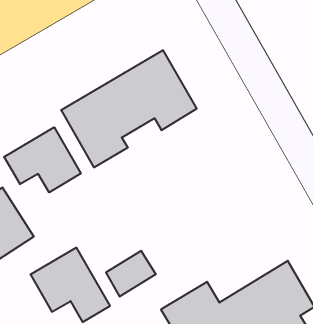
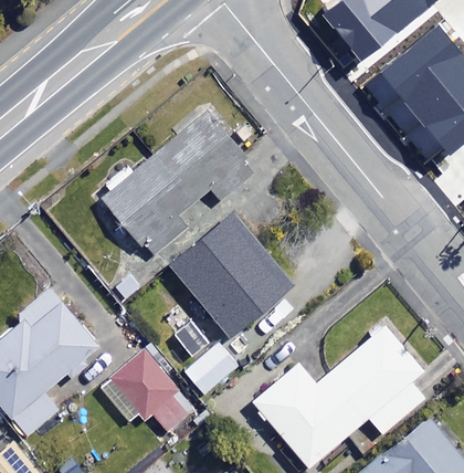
building: [4,127,81,192] -> none
building: none -> [170,213,293,337]

